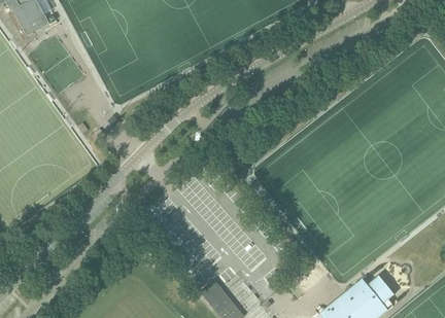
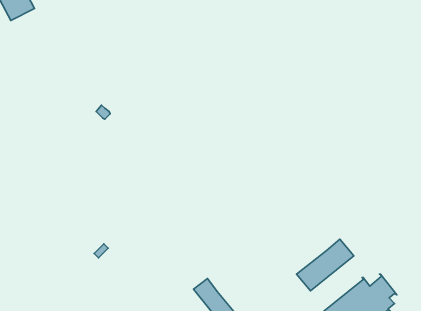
building: none -> [297,239,354,291]

